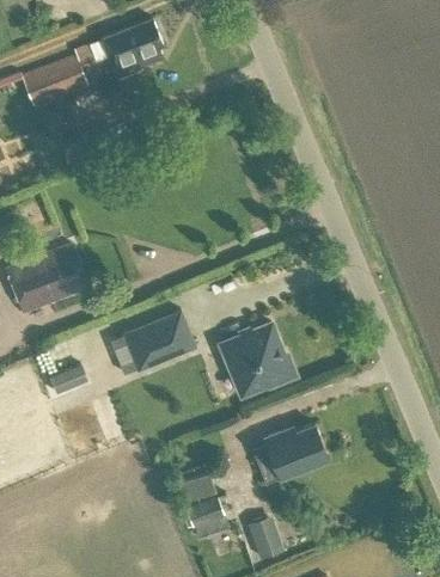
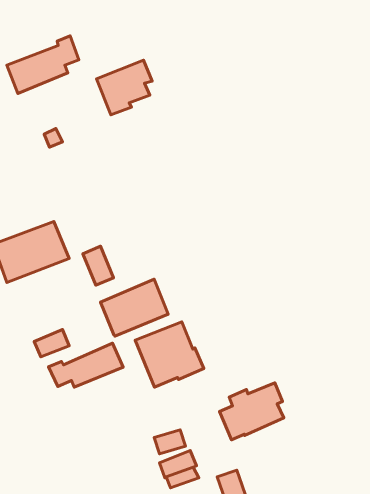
building: [100,19,161,79] -> [97,60,152,115]
building: none -> [83,246,113,285]
building: [219,324,294,395] -> [135,322,204,387]
building: none -> [49,343,123,387]

